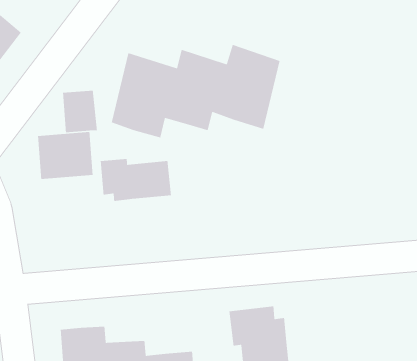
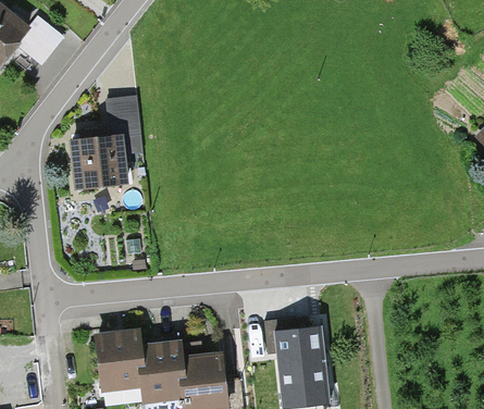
building: [111,44,281,138] -> none
building: [100,158,172,202] -> none

